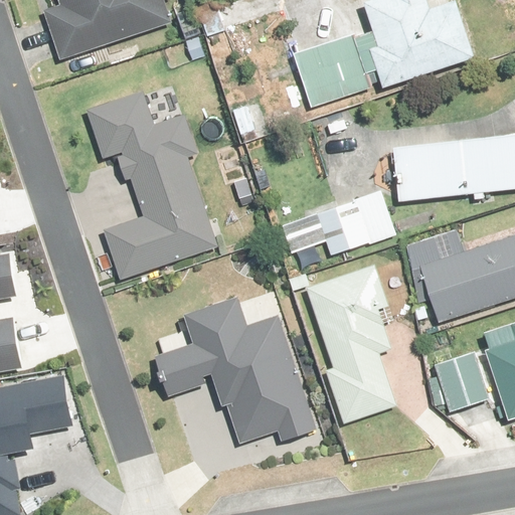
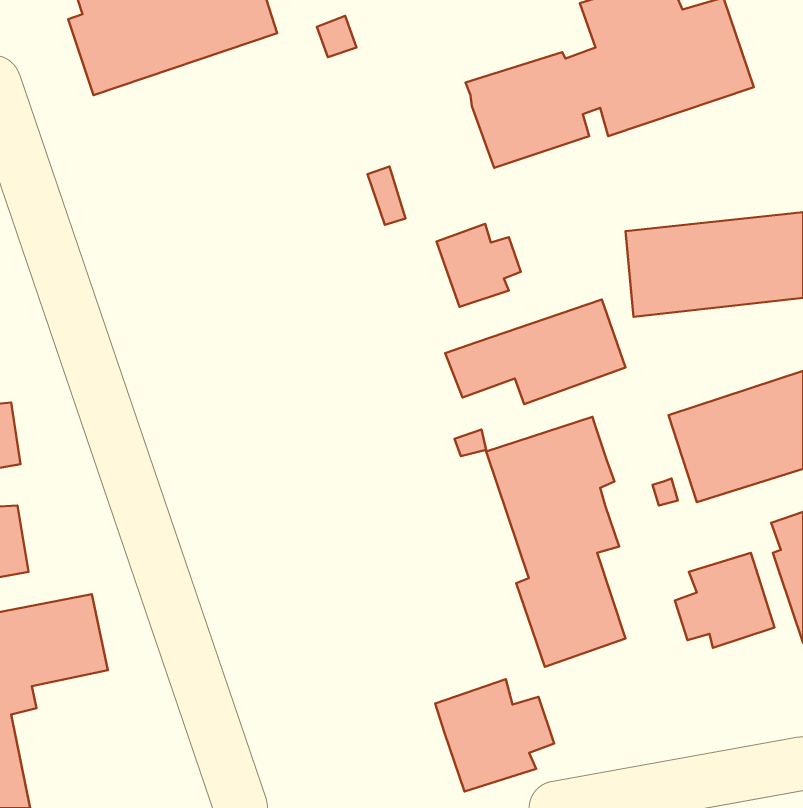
building: [88,94,216,279] -> none
building: none -> [437,224,521,307]
building: [147,299,313,445] -> none
building: none -> [435,679,554,792]

